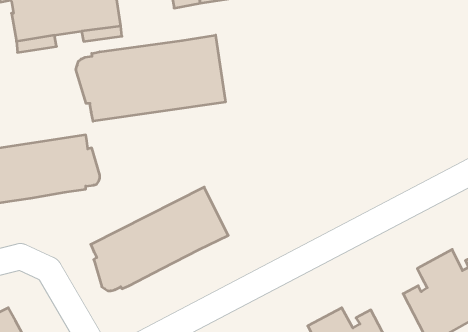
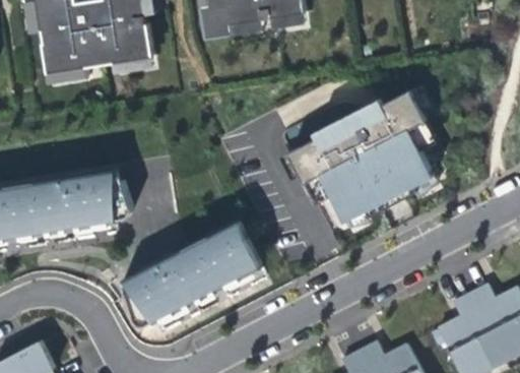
building: [76,35,225,121] -> none
building: none -> [289,90,434,222]

